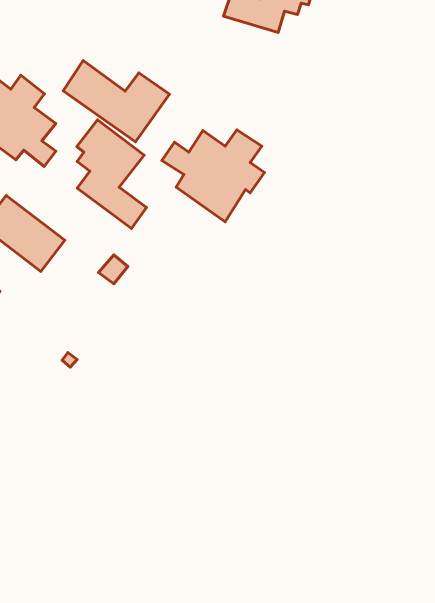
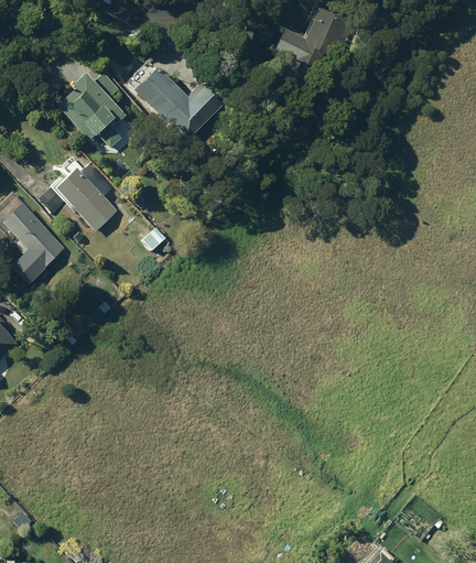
building: [77,120,146,228] -> none
building: [162,130,264,222] -> none

